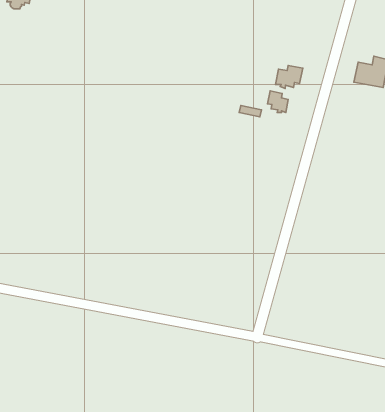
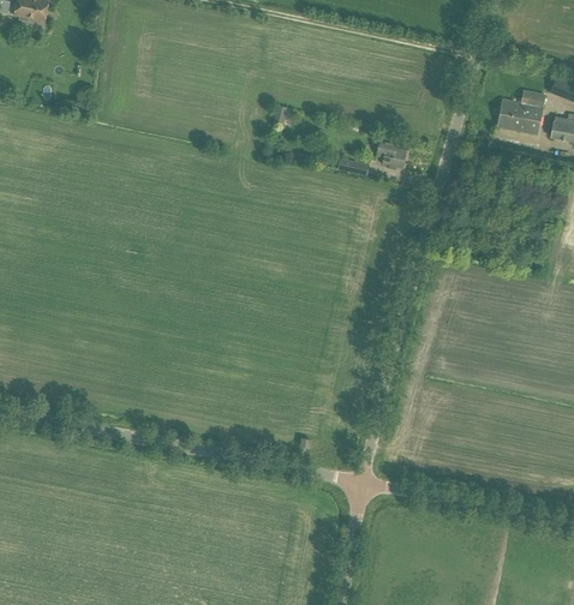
building: [275,66,303,88] -> none

